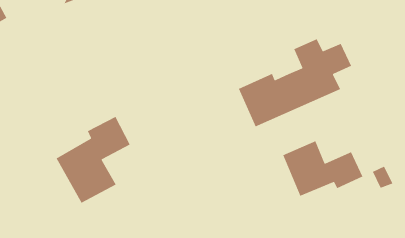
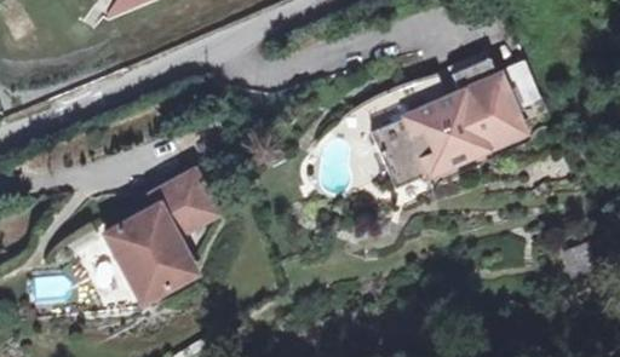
building: [282,140,364,197] -> none

